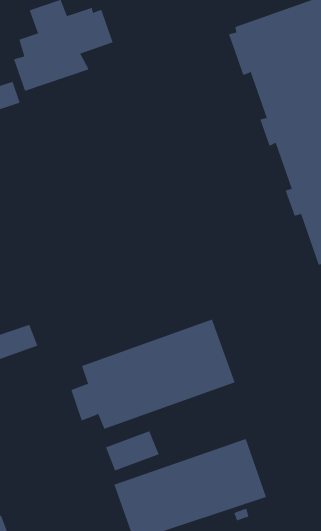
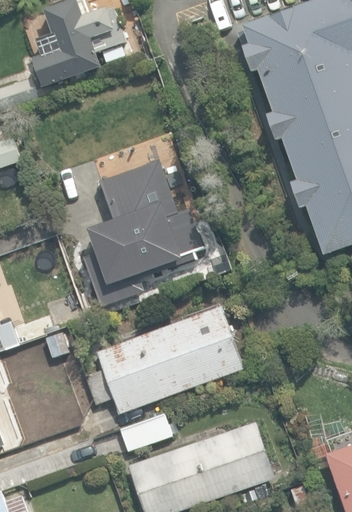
building: none -> [83,161,205,308]

